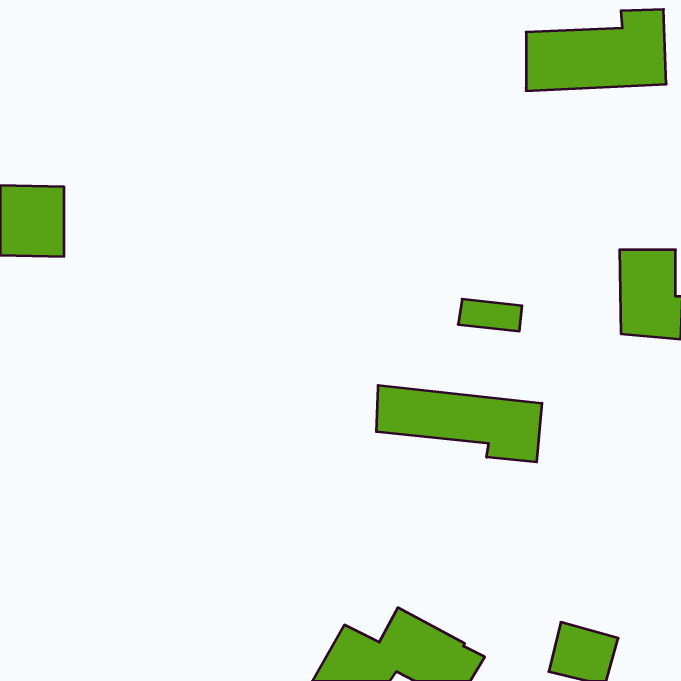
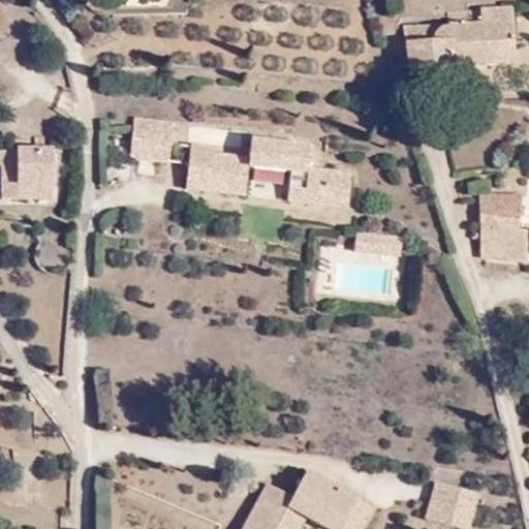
building: none -> [130,116,176,164]
building: none -> [187,137,352,208]
building: [376,385,542,462] -> none

